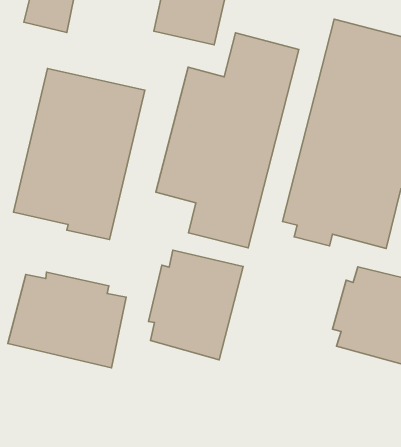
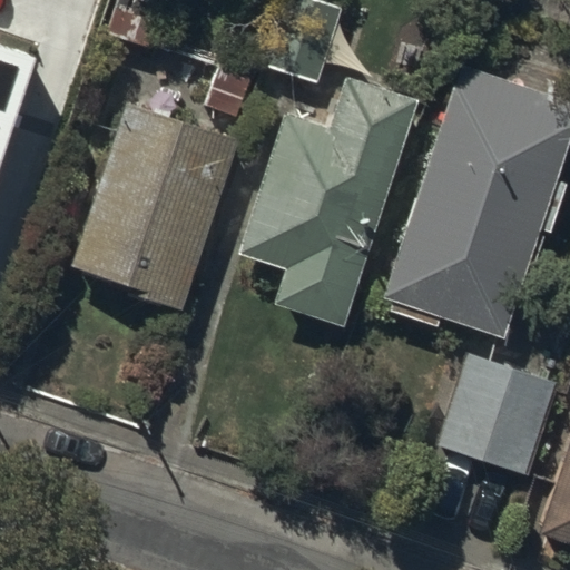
building: [148,250,243,360] -> none
building: [8,272,126,368] -> none

